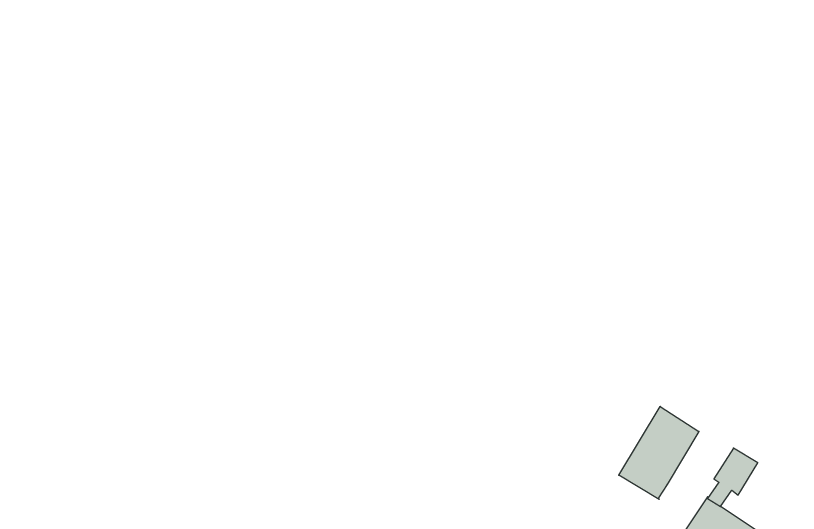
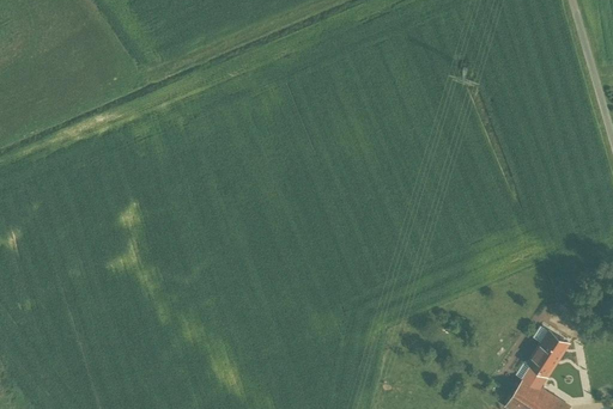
building: [619,406,699,499] -> none

